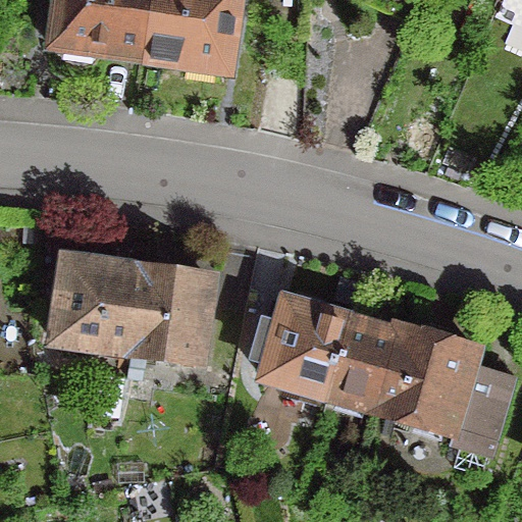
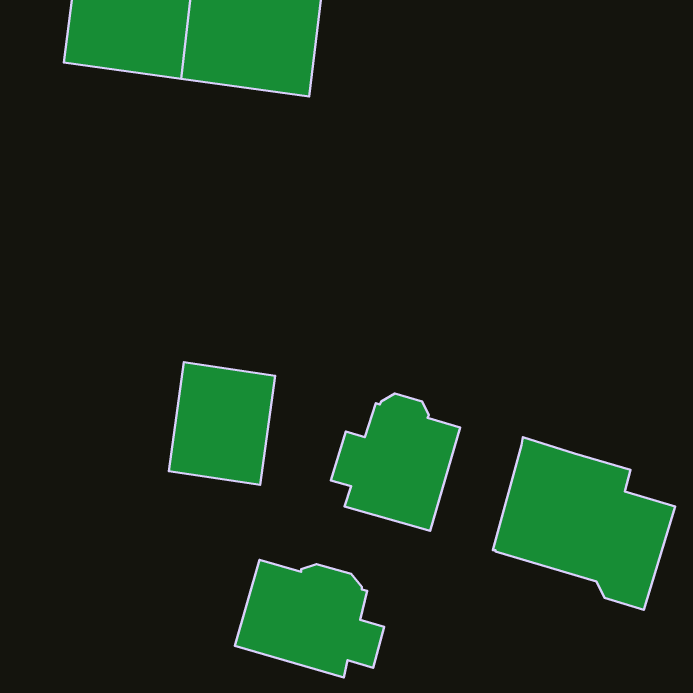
building: [51,261,140,353] -> none
building: [324,320,393,412] -> none
building: none -> [235,560,384,678]

